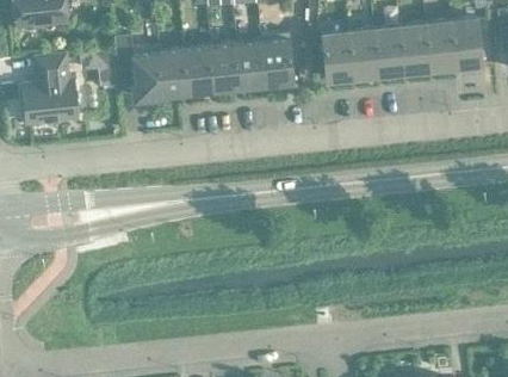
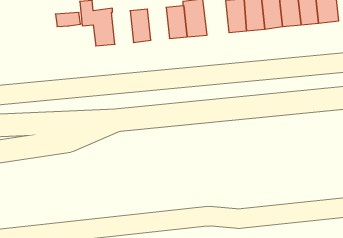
building: [211,45,242,92] -> none
building: [160,50,191,98] -> none
building: [24,55,78,125] -> none

